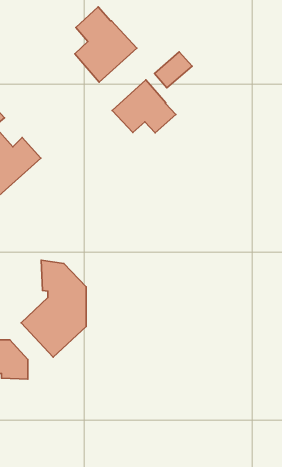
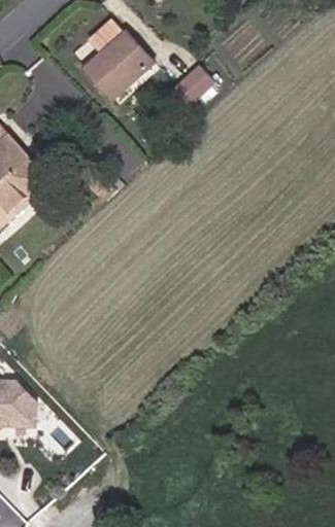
building: [112,80,176,133] -> none
building: [21,260,86,357] -> none

